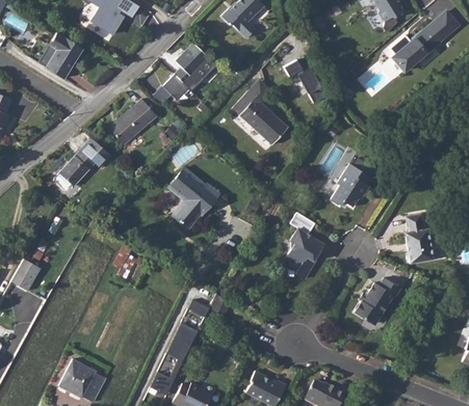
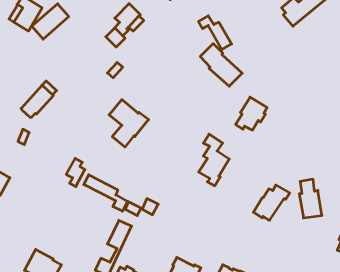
building: [234,89,288,144] -> [200,44,242,86]
building: [109,100,157,145] -> [32,4,69,39]
building: [403,213,433,263] -> [299,179,322,218]
building: none -> [84,175,128,211]

